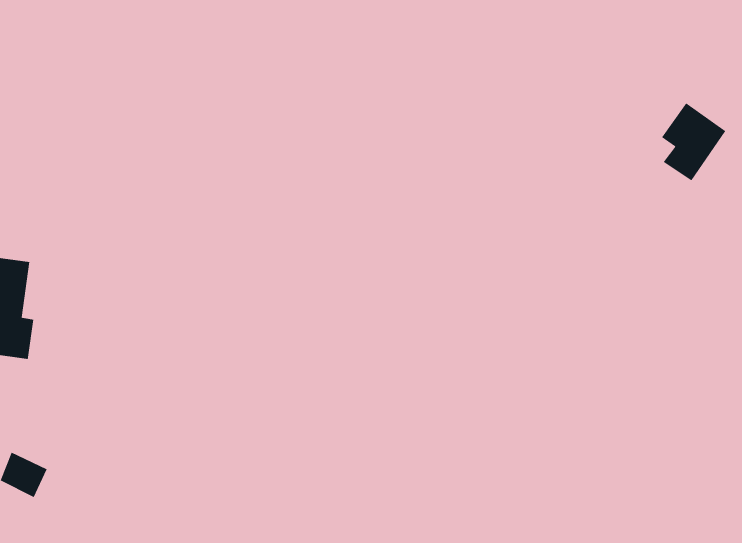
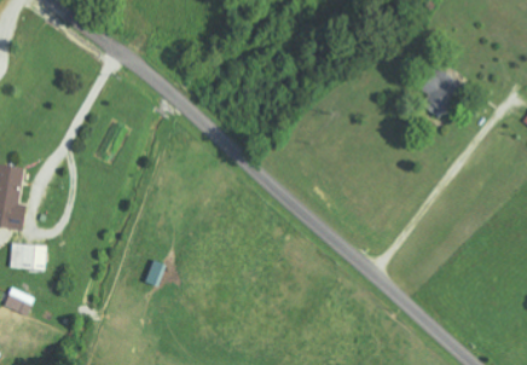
building: none -> [10,243,45,268]

